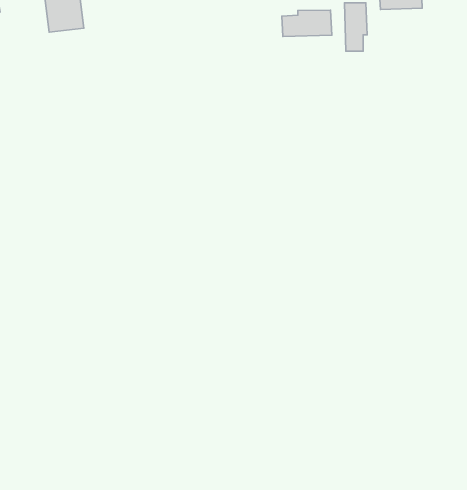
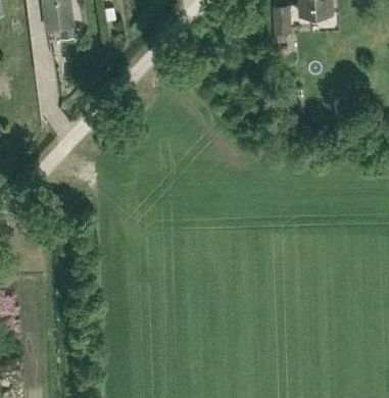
building: [282,10,332,36] -> none

